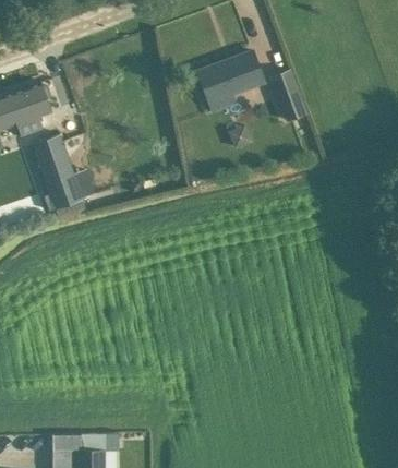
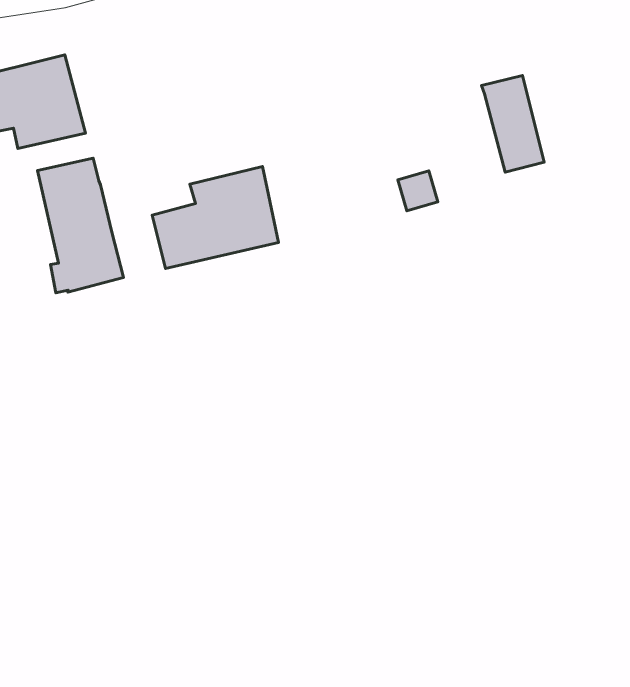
building: [198,50,265,110] -> none
building: none -> [152,166,279,268]

